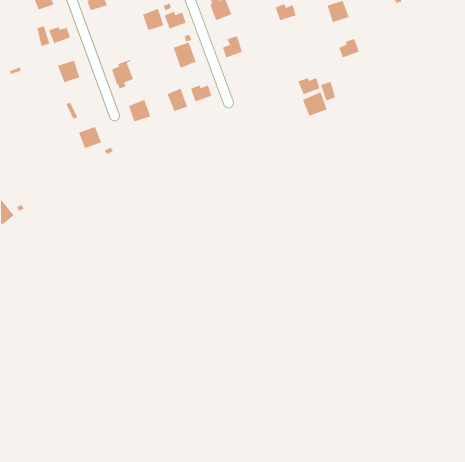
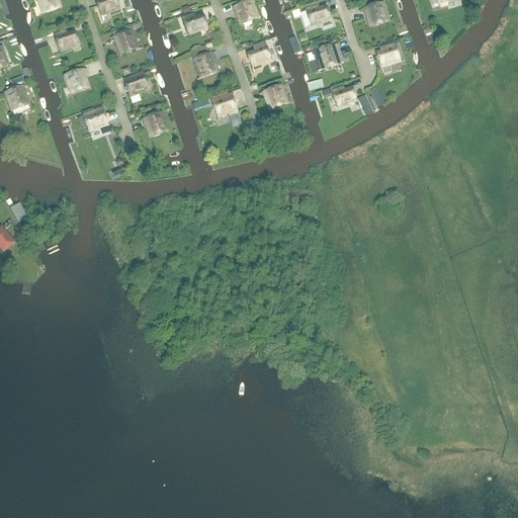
building: [142,8,164,31] -> [113,27,138,53]
building: none -> [315,42,340,68]
building: none -> [262,83,287,108]
building: none -> [4,84,30,113]
building: [167,88,188,112] -> none
building: [302,92,328,116] -> none
building: [78,126,102,149] -> [82,105,108,131]

